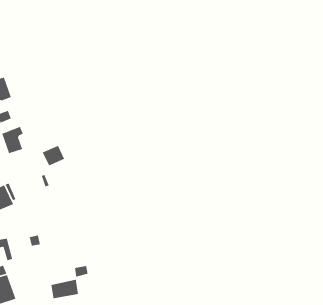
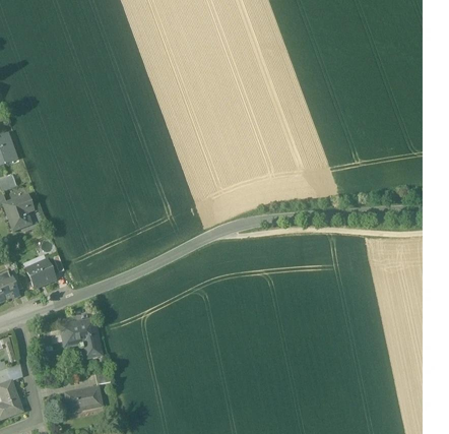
building: [42,145,65,167] -> [25,259,55,287]
building: none -> [59,318,101,357]

